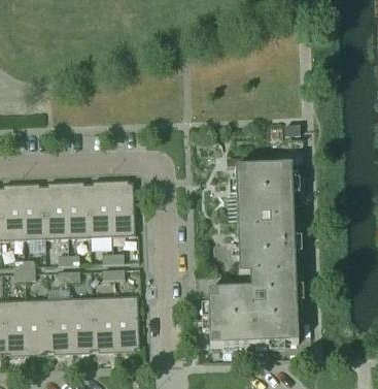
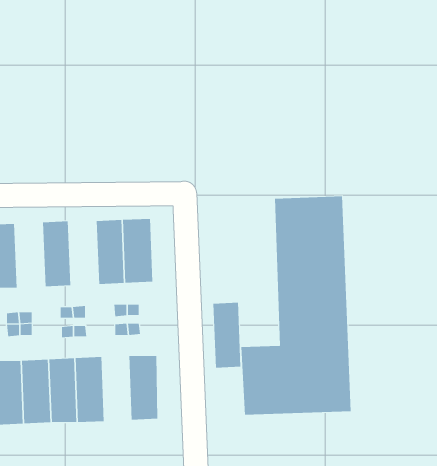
building: [65,185,90,238] -> none
building: [21,186,45,240] -> none
building: [93,296,116,351] -> [213,302,241,368]

